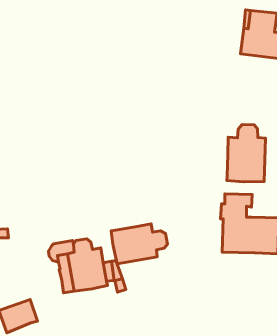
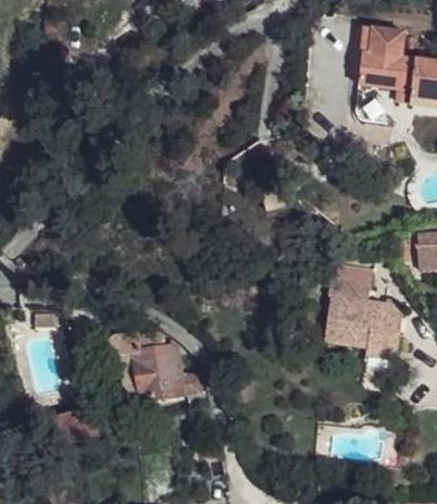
building: [227,125,265,182] -> none
building: [111,224,168,264] -> none

